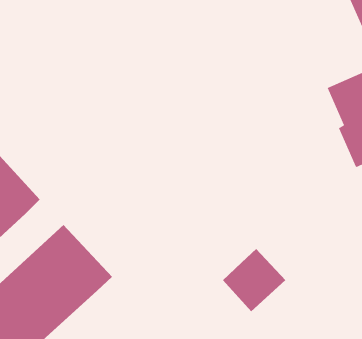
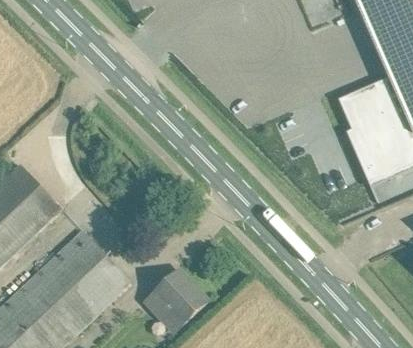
building: [222,248,286,312] -> [147,269,209,331]

